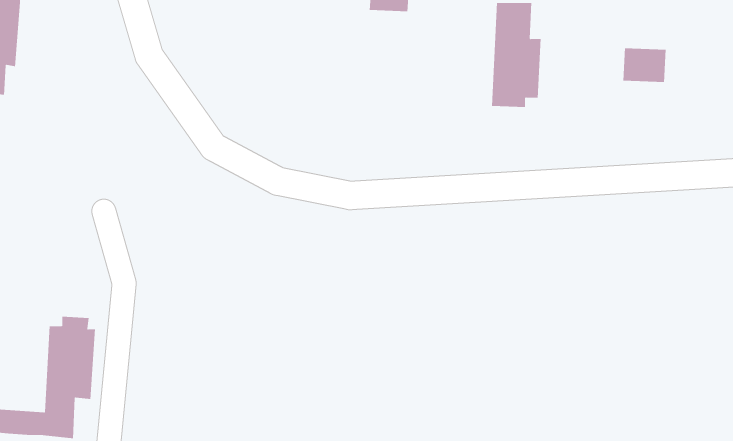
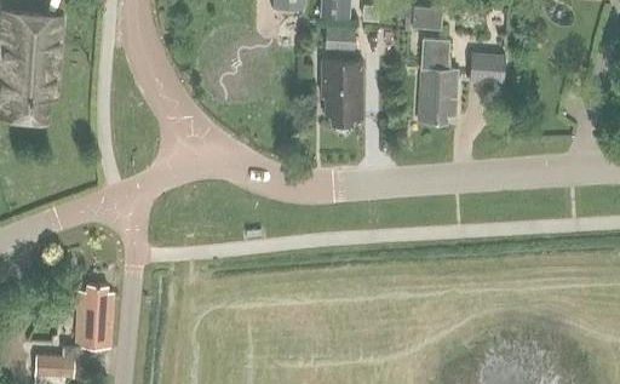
building: none -> [321,61,362,124]
building: [622,48,666,82] -> [471,55,505,81]

